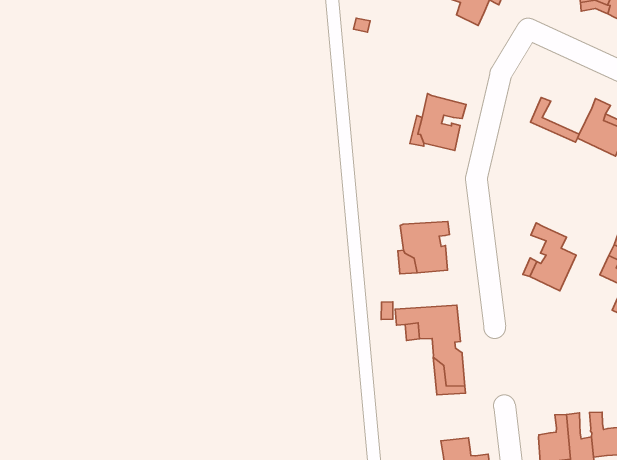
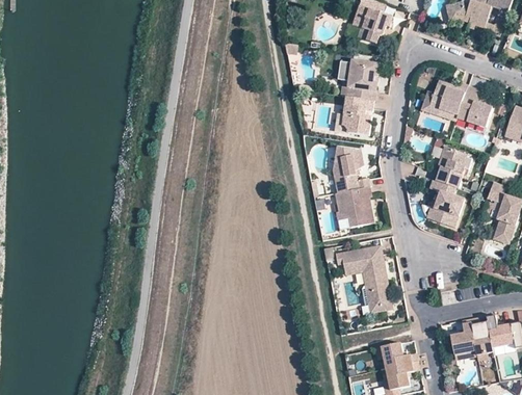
building: none -> [347,58,379,99]
building: none -> [429,79,467,112]
building: none -> [332,146,368,190]
building: none -> [438,148,469,189]

